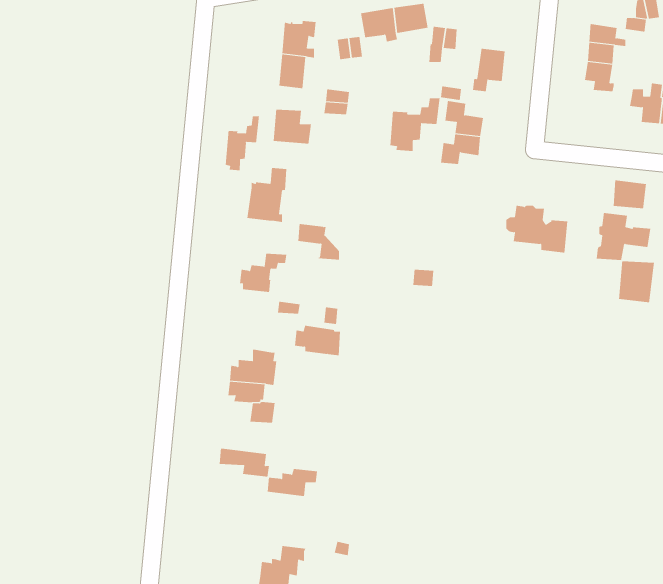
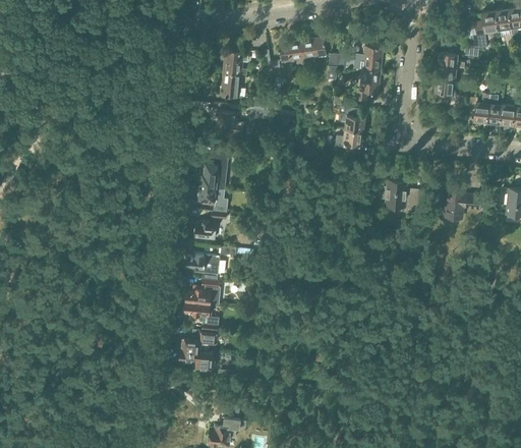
building: none -> [363,46,384,70]
building: [390,97,440,152] -> none
building: [225,115,259,171] -> none
building: [613,179,647,209] -> none
building: [297,224,340,260] -> [198,187,228,213]
building: [619,260,654,303] -> none
building: [294,325,341,356] -> [187,253,220,274]
building: [267,468,318,498] -> [182,332,218,352]

